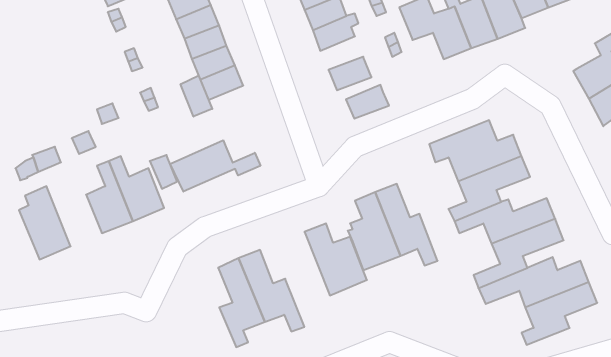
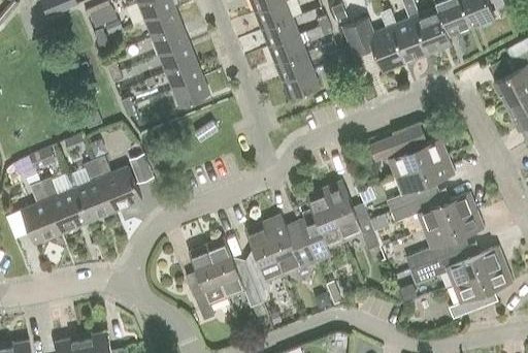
building: [181,75,212,117] -> none
building: [346,85,389,119] -> [275,52,312,81]
building: [170,140,260,192] -> none
building: none -> [40,176,88,232]
building: none -> [244,220,284,301]

